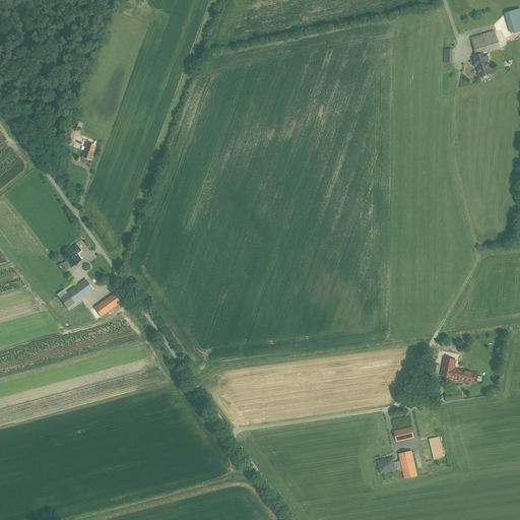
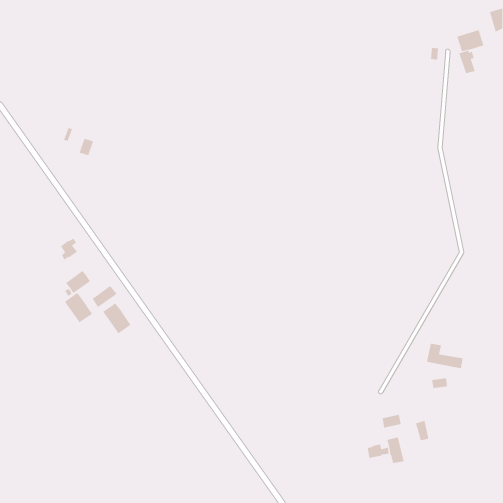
building: none -> [64,292,93,323]
building: none -> [103,303,131,334]

